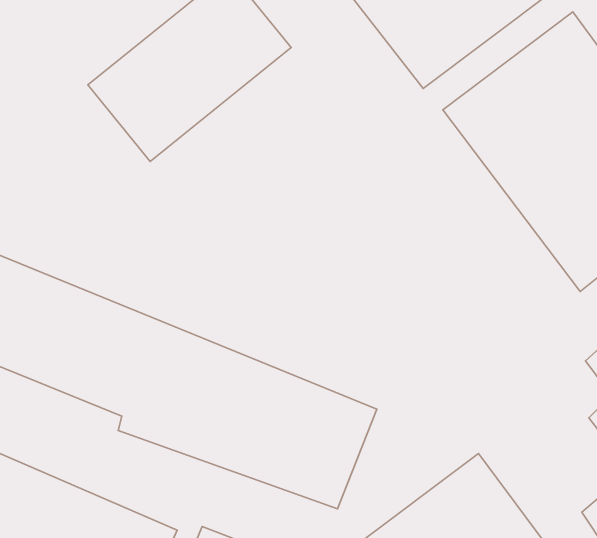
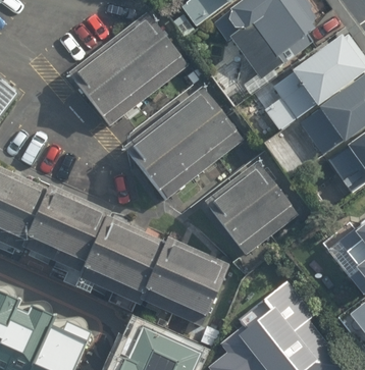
building: none -> [126,89,242,196]
building: none -> [202,159,296,256]

